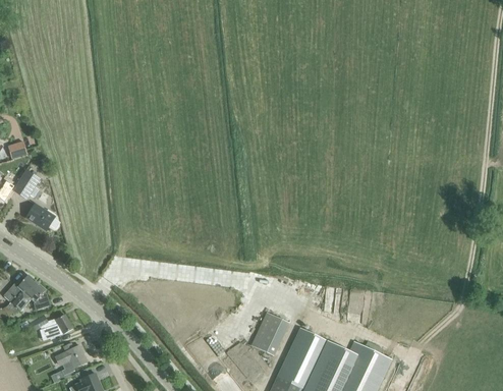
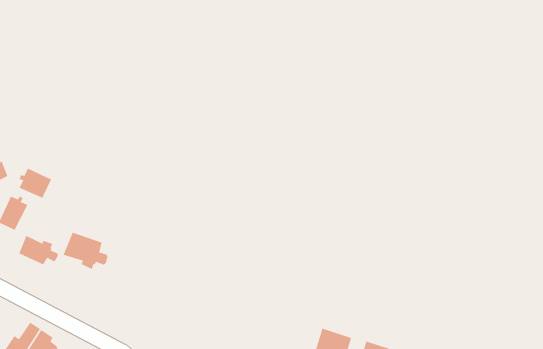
building: none -> [19,168,52,198]
building: none -> [63,232,108,270]

